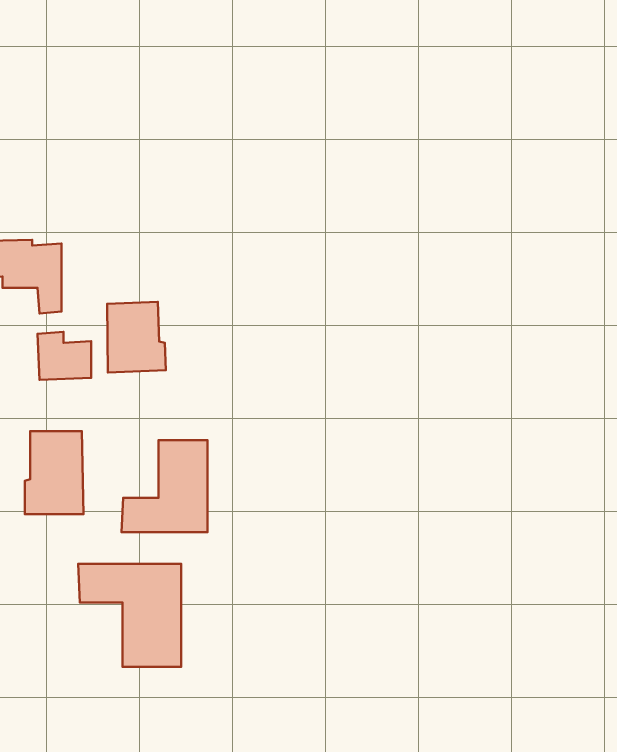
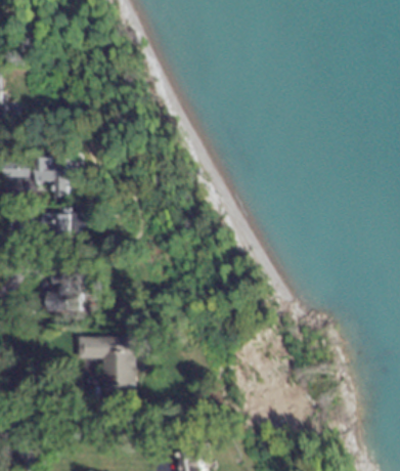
building: [107,302,166,372] -> none
building: [122,440,207,532] -> none

